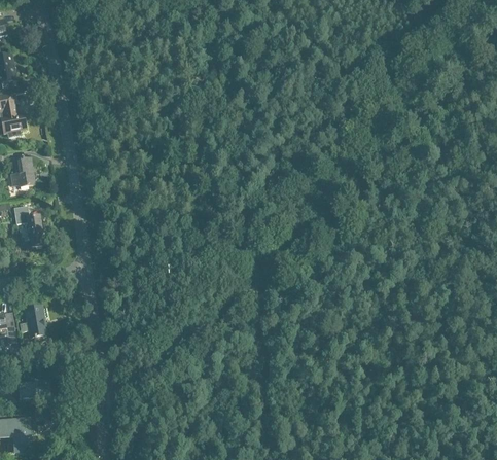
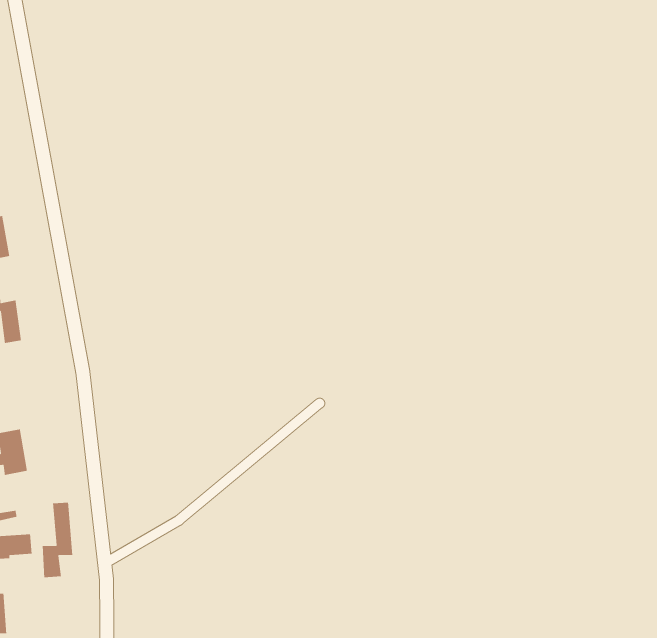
building: none -> [42,502,73,578]

